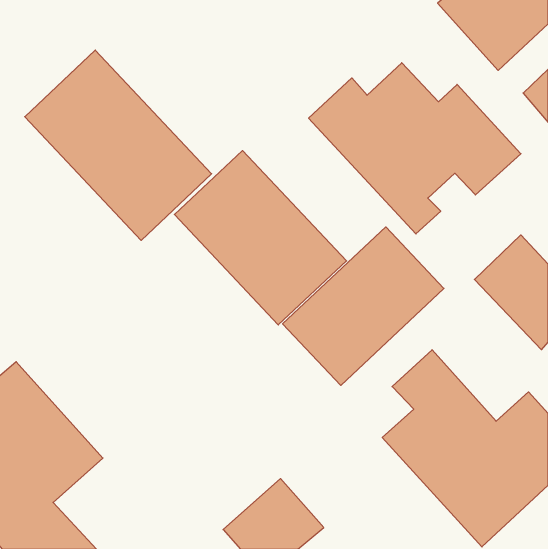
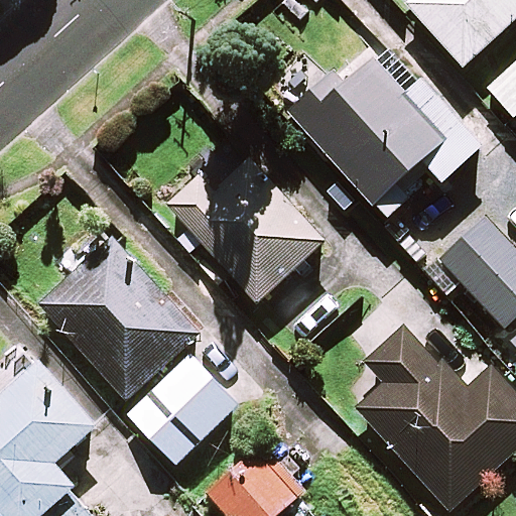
building: [25,50,212,240] -> none
building: [283,227,444,385] -> none
building: none -> [39,240,238,464]

